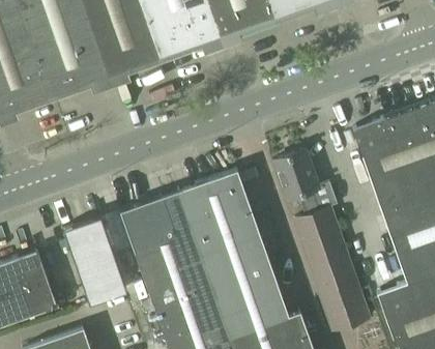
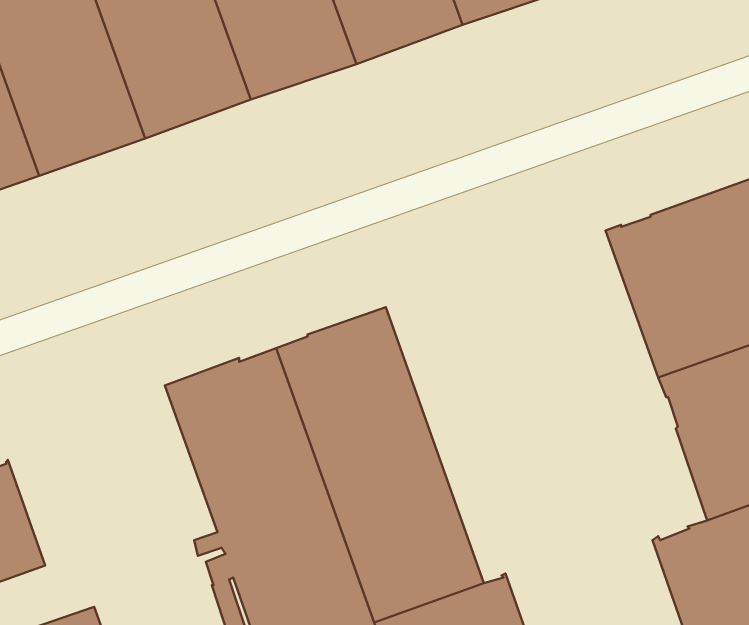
building: [273,149,368,330] -> none
building: [62,215,126,303] -> none

